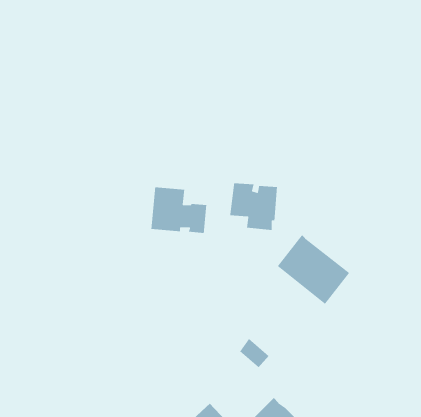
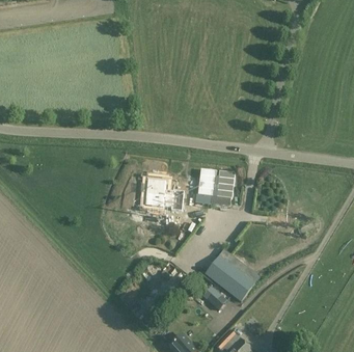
building: [277,234,350,305] -> [206,250,261,303]

